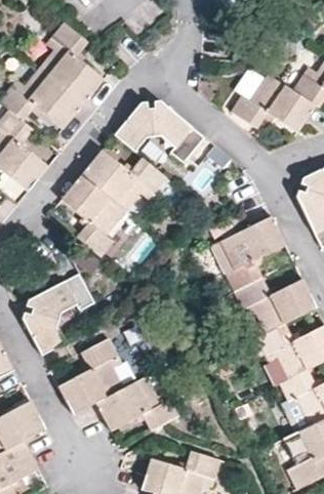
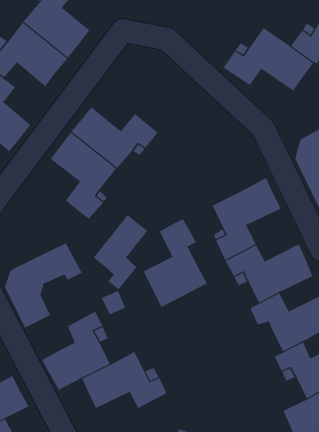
building: [118,98,200,159] -> none
building: none -> [93,214,148,290]
building: none -> [143,218,208,308]

